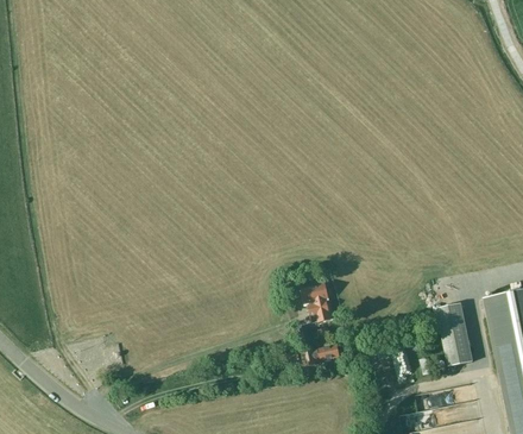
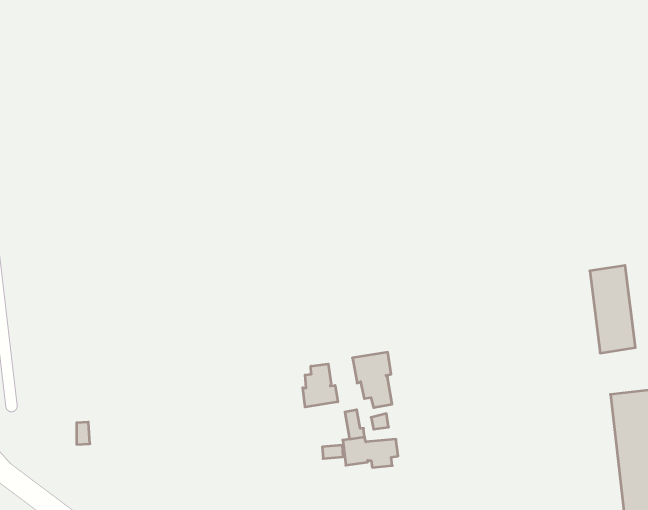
building: none -> [303,364,338,407]
building: [435,302,472,366] -> [590,265,635,353]

